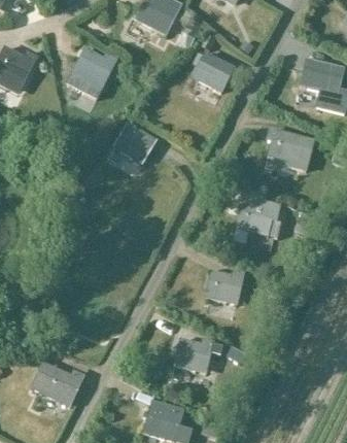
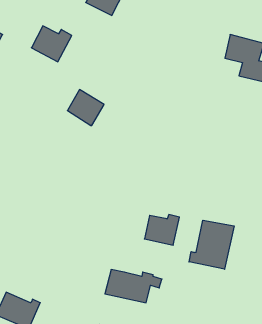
building: [190,52,235,94] -> none
building: [265,129,313,171] -> none
building: [235,189,280,237] -> none
building: none -> [189,220,234,269]

